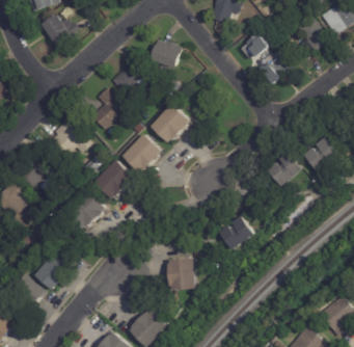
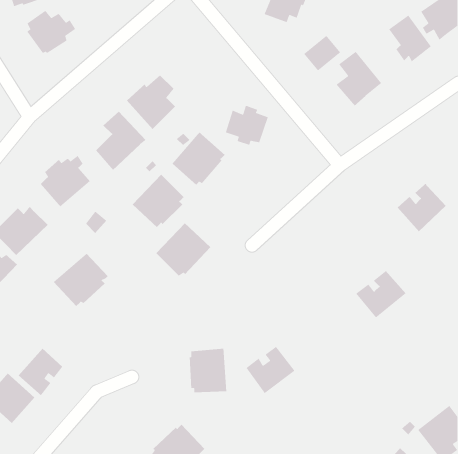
building: [146,37,178,66] -> [225,105,269,146]
building: [268,152,304,186] -> [355,270,406,319]
building: [90,158,130,196] -> [156,222,211,276]
building: [215,214,250,248] -> [246,346,295,394]

